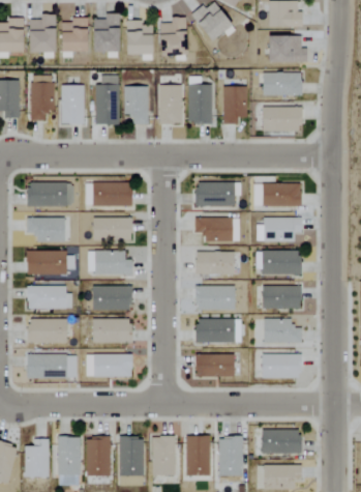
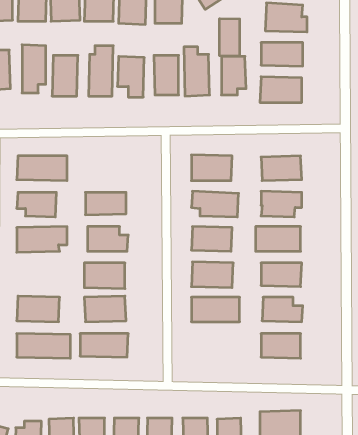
building: none -> [220,19,240,56]
building: [92,182,131,207] -> none
building: [26,285,72,309] -> none
building: [194,353,234,377] -> none

